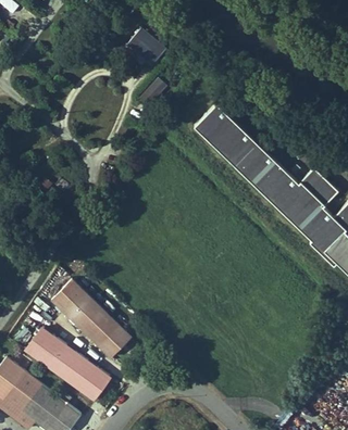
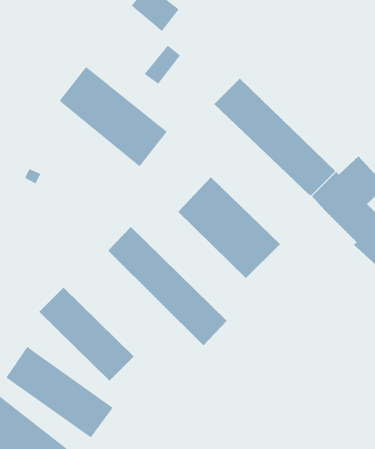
building: none -> [59,66,168,167]
building: none -> [177,176,281,279]
building: none -> [108,226,228,346]

